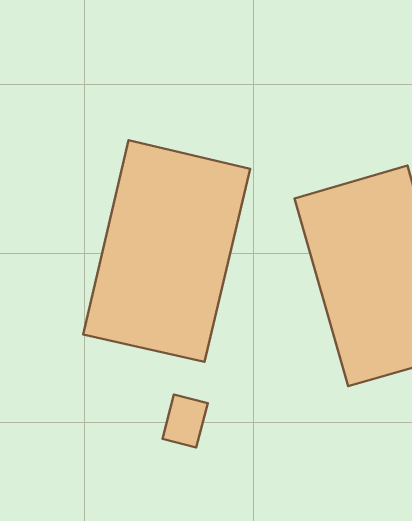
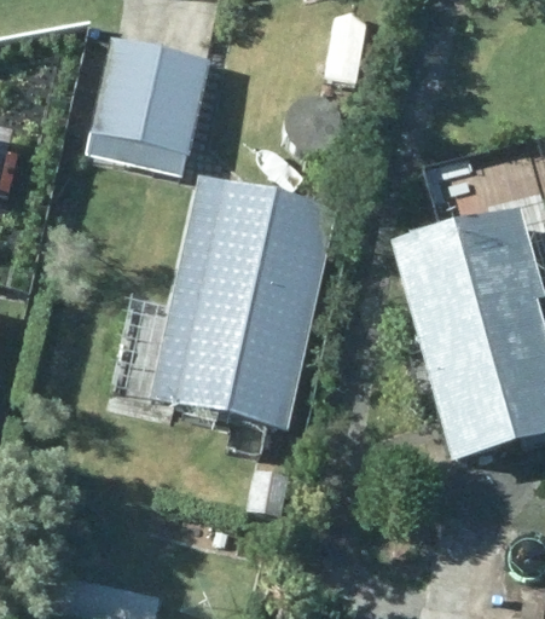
building: none -> [89,36,210,154]

